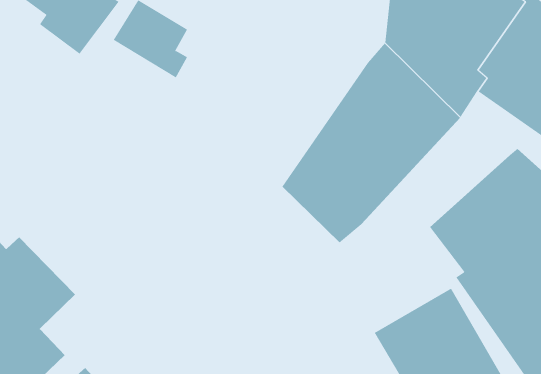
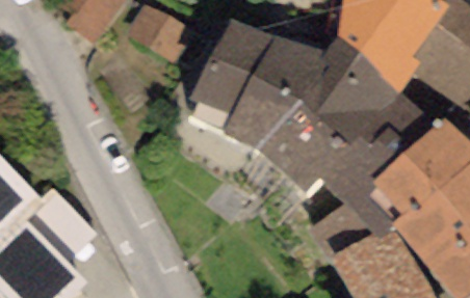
building: none -> [188,17,325,148]
building: none -> [309,94,438,264]

